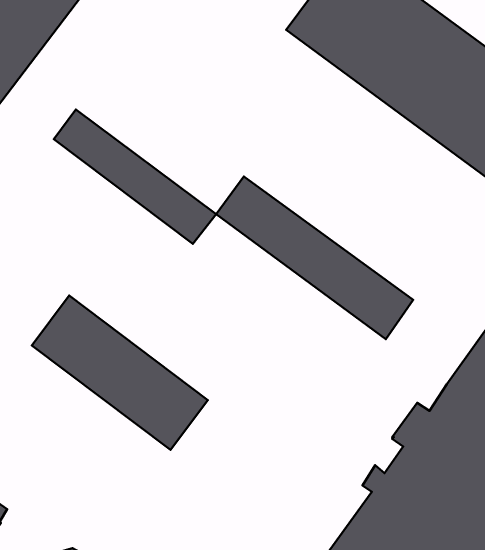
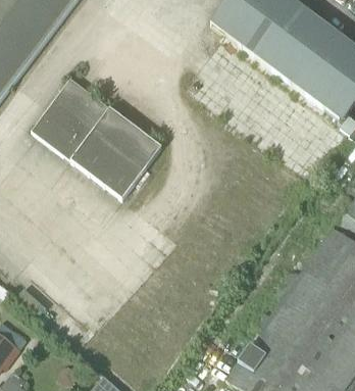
building: [216,177,413,339] -> none
building: [32,295,208,450] -> [33,95,148,196]

